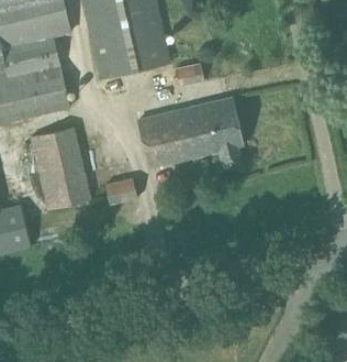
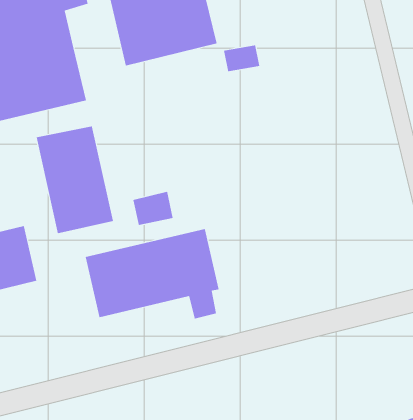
building: [138,98,243,168] -> [85,228,220,319]

